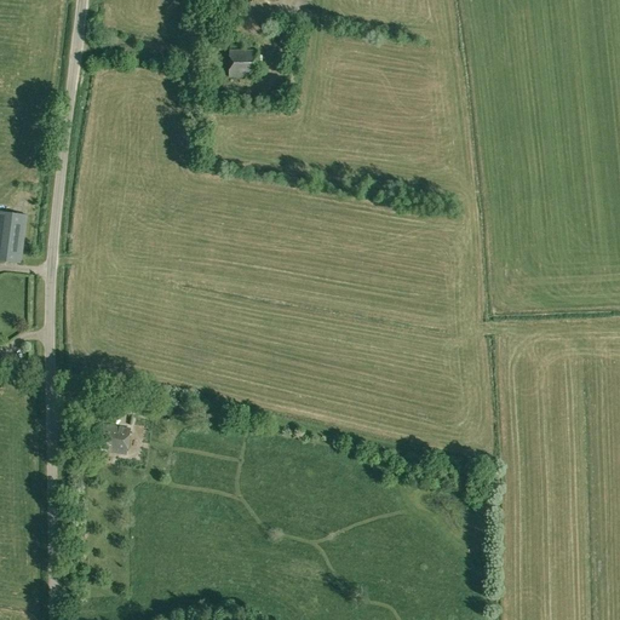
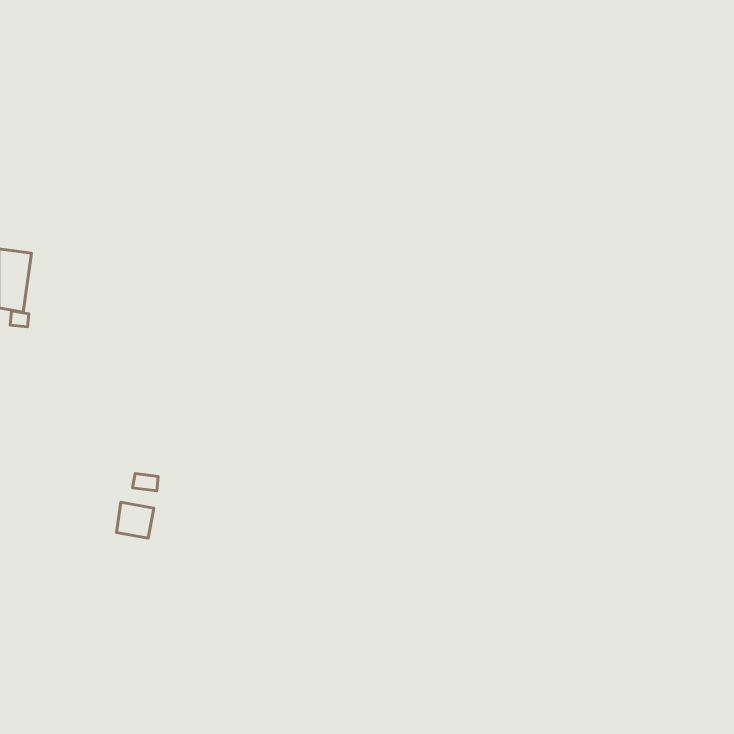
building: [228,48,257,75] -> none

